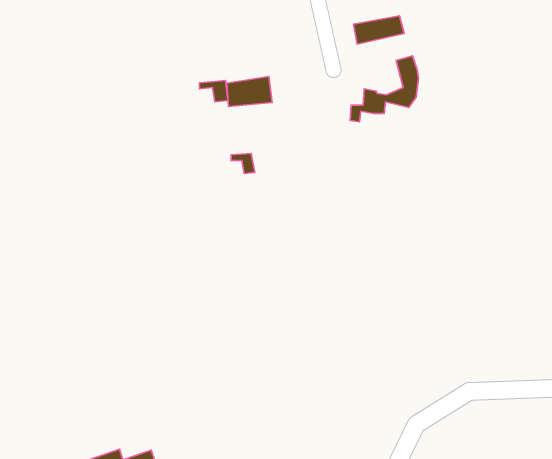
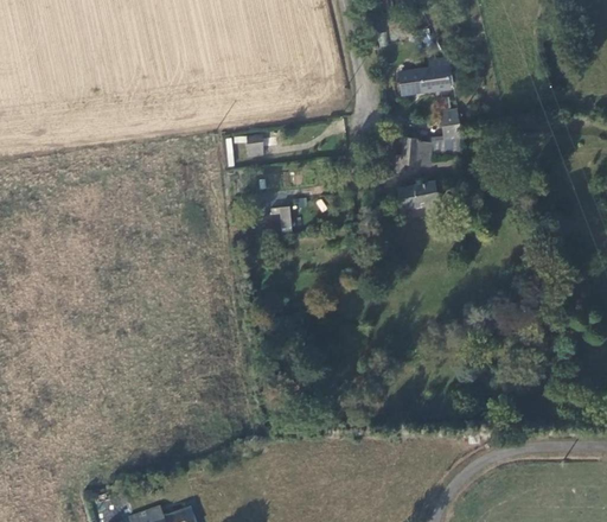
building: [227,77,272,106] -> none
building: none -> [396,182,437,209]

